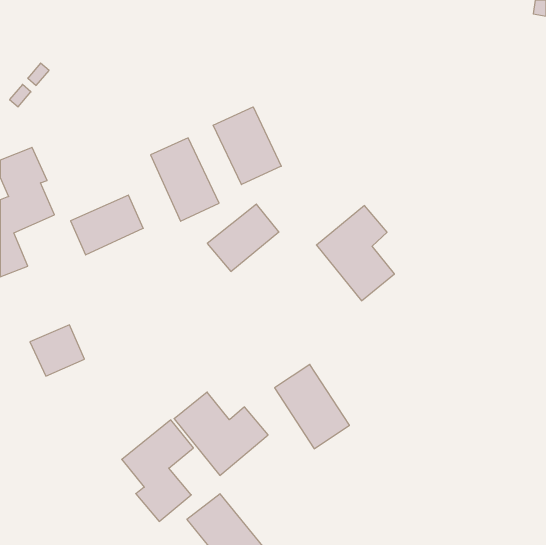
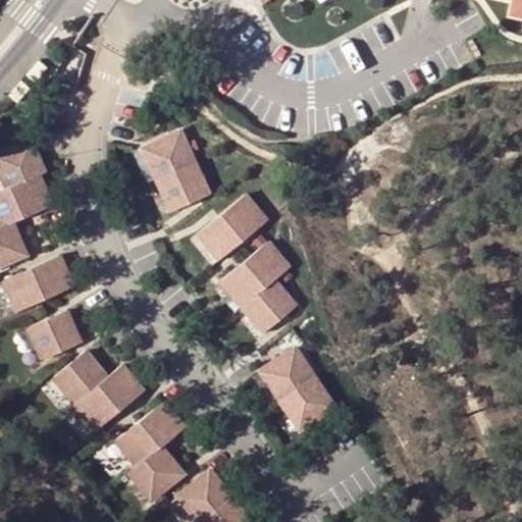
building: [213,107,281,185] -> none
building: [71,195,143,255] -> [4,255,73,312]
building: [316,206,394,301] -> [221,243,296,333]
building: [174,392,268,475] -> [54,351,144,430]

